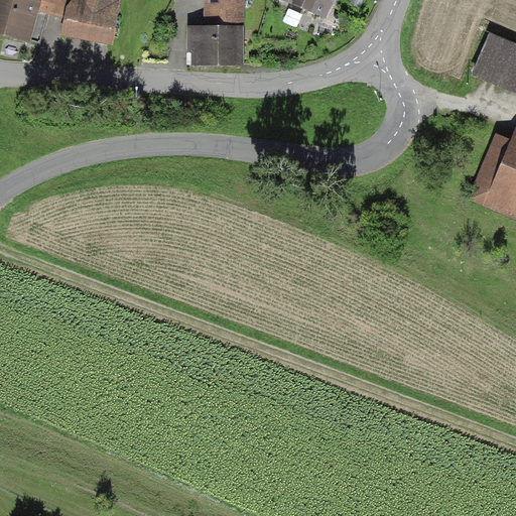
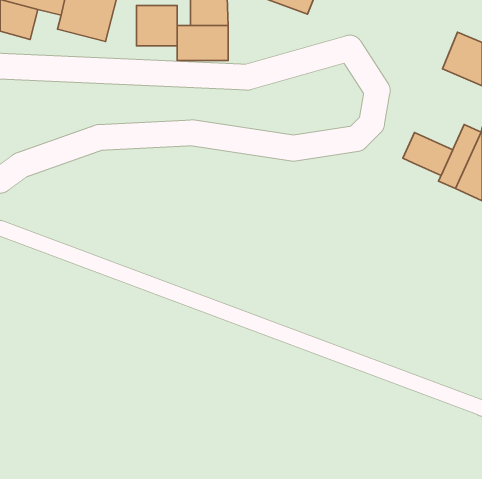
building: none -> [137,6,177,46]
building: none -> [403,132,453,175]

